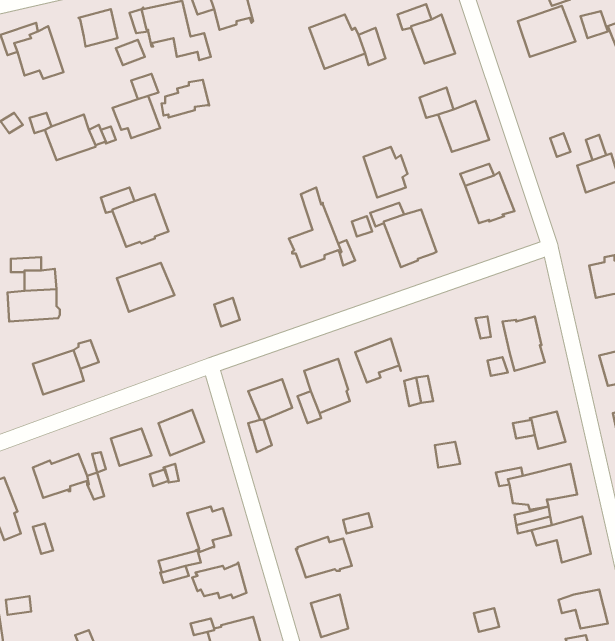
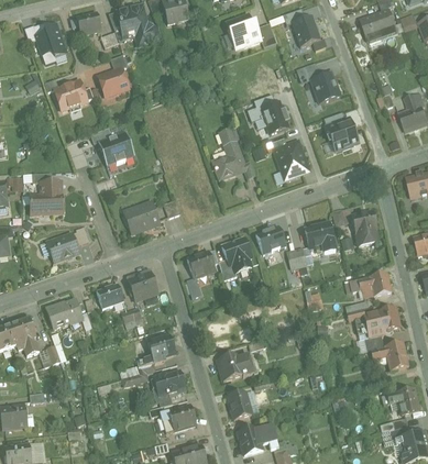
building: [162,80,209,118] -> none
building: [117,263,174,312] -> [123,201,161,233]
building: none -> [305,223,334,253]

